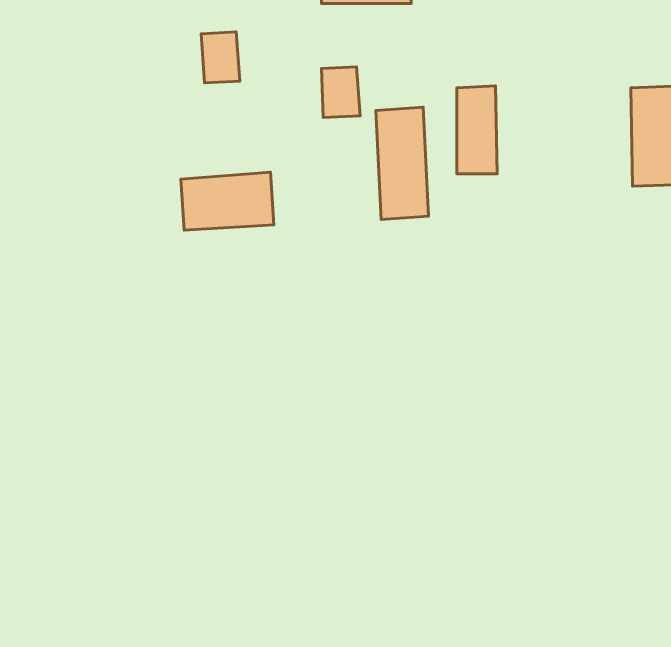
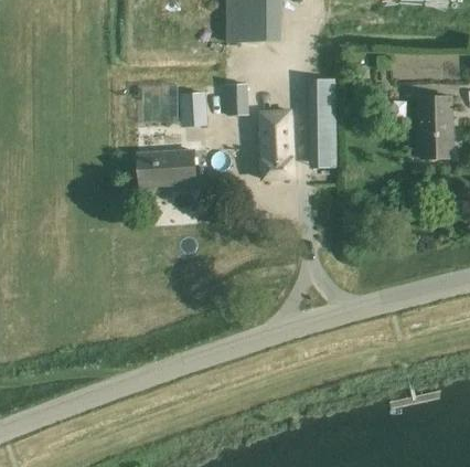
building: [201,32,240,83] -> [182,92,206,124]

